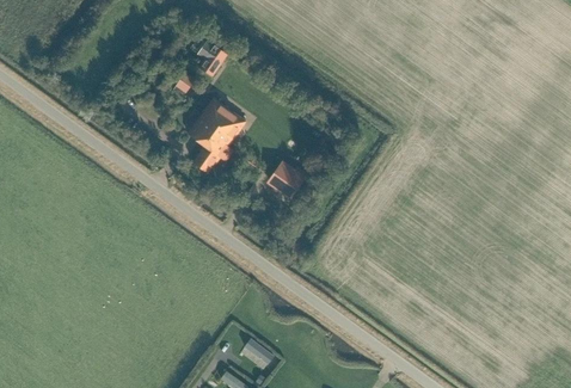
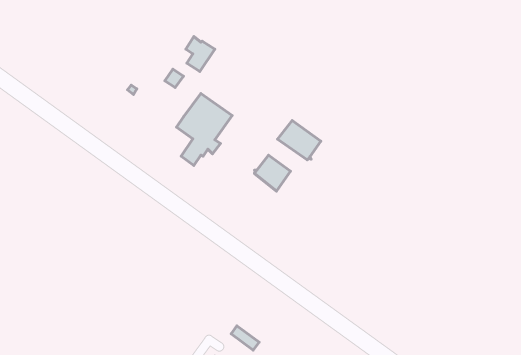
building: none -> [278,120,321,160]

